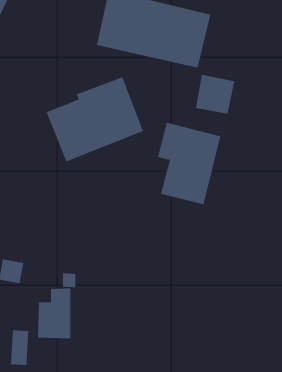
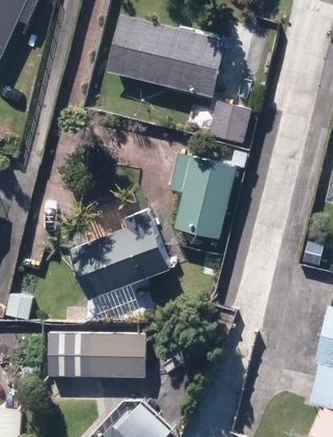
building: [46,76,144,162] -> [68,211,170,300]
building: none -> [89,334,146,378]

